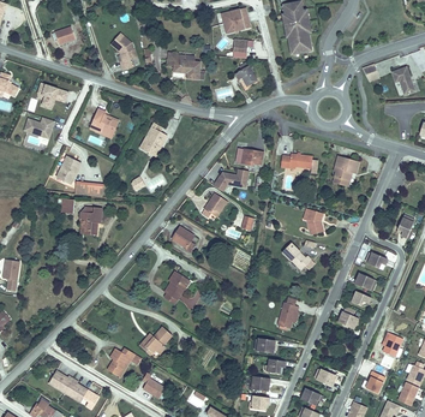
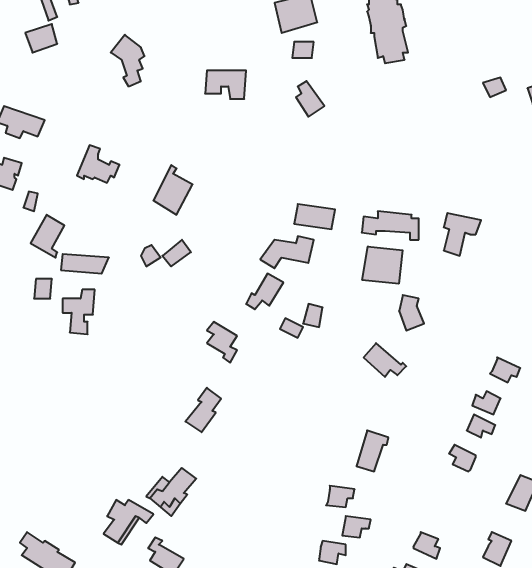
building: none -> [362,246,403,284]

